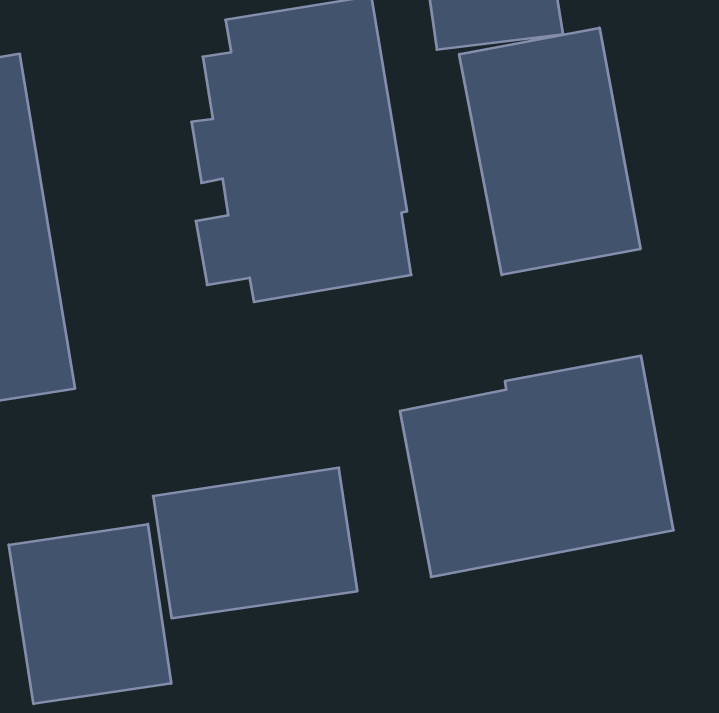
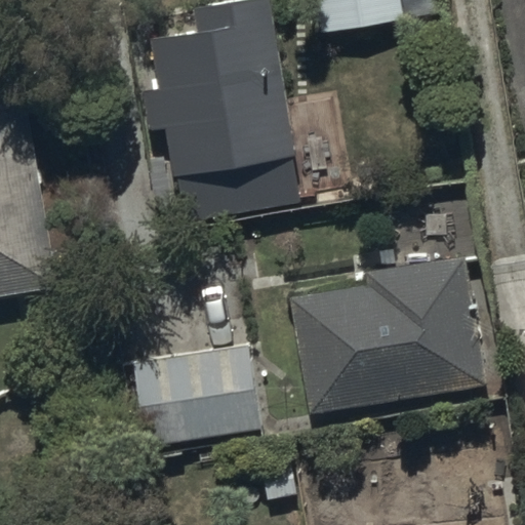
building: [459,28,640,275] -> none
building: [9,524,171,704] -> none

